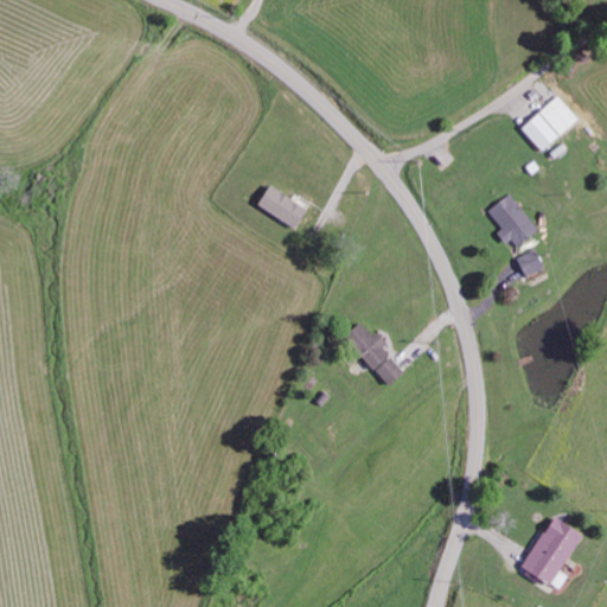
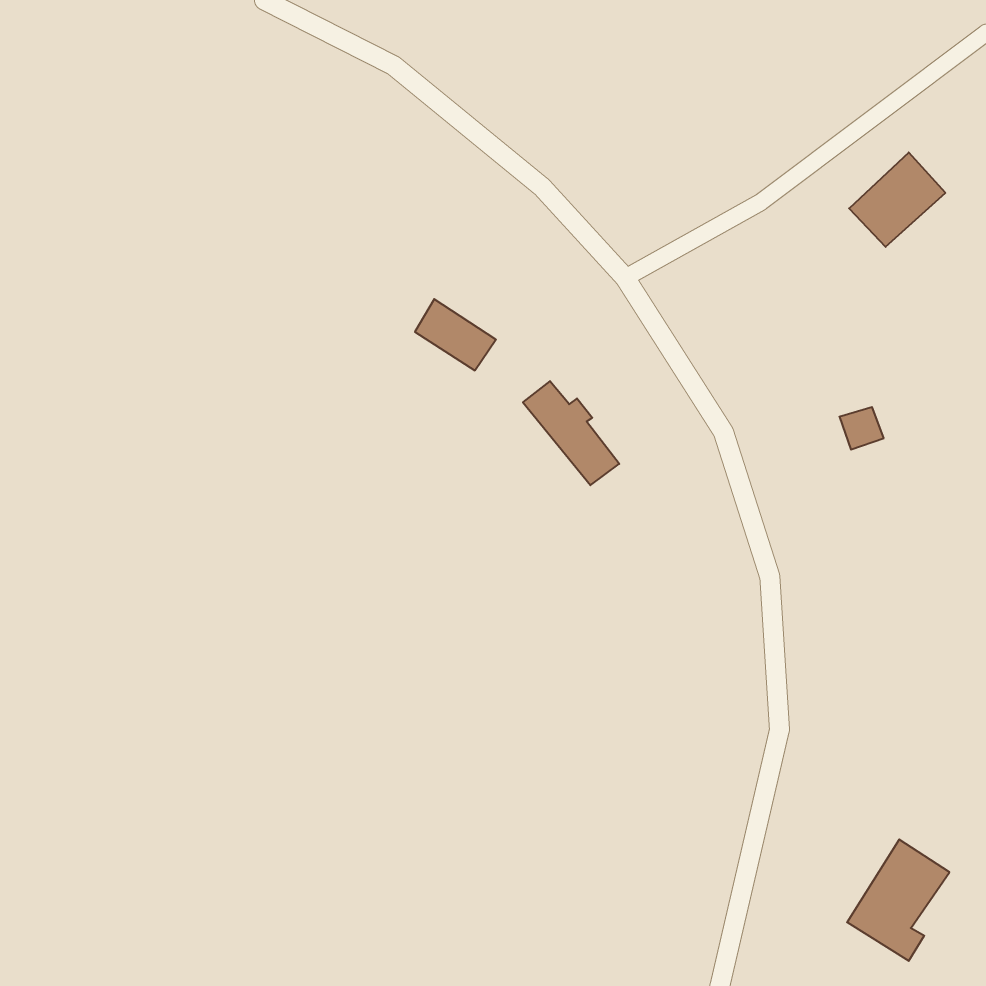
building: [488,193,538,247] -> none
building: [343,321,402,385] -> [523,381,619,485]

